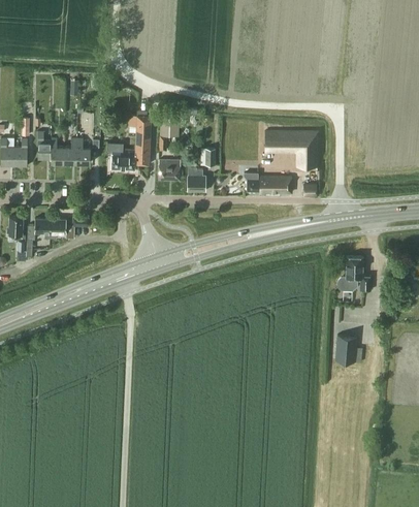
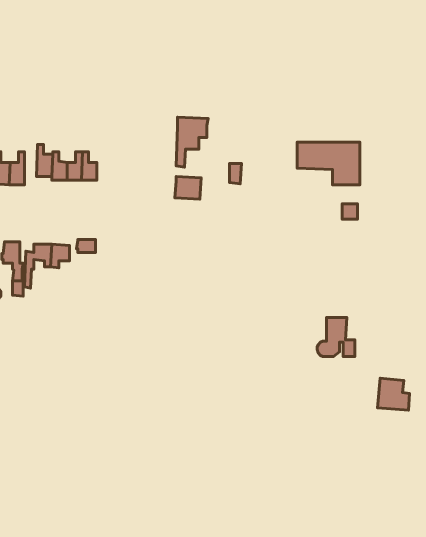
building: [110,115,151,168] -> none
building: [187,166,205,191] -> none
building: [244,172,291,193] -> none
building: [337,256,370,290] -> [317,317,355,357]

